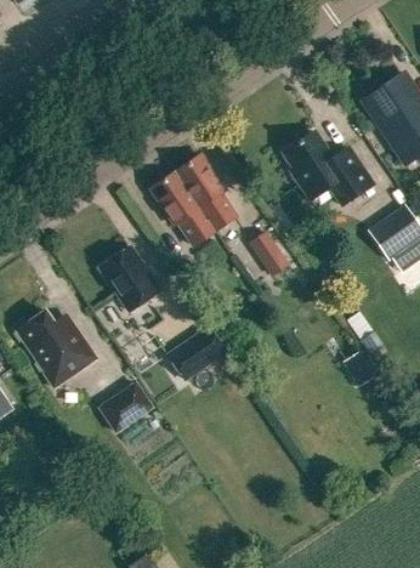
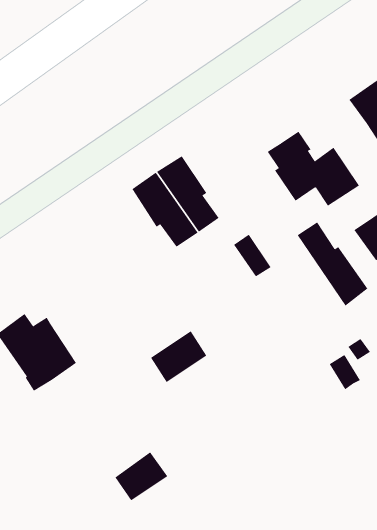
building: none -> [297,222,368,307]
building: [101,246,160,311] -> none
building: [101,381,153,430] -> [115,451,168,501]

